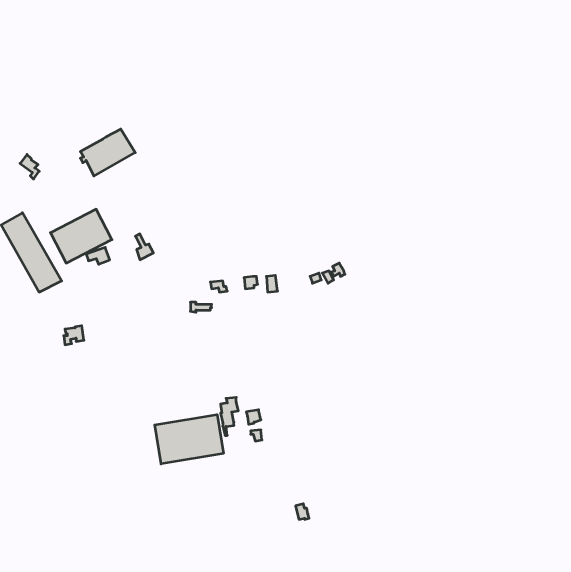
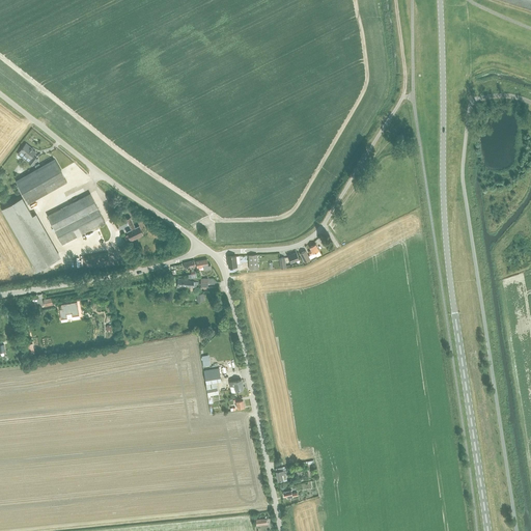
building: [80,129,135,176] -> [16,160,66,203]
building: [155,415,223,464] -> none

